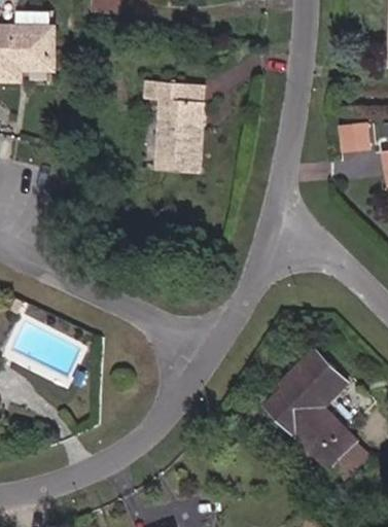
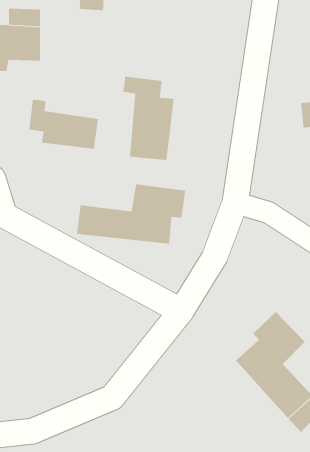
building: none -> [29,99,99,149]
building: none -> [77,183,186,245]

